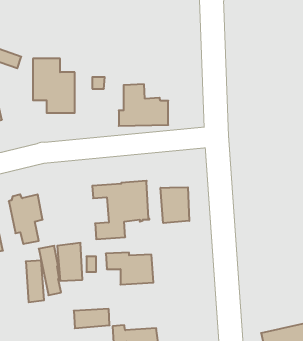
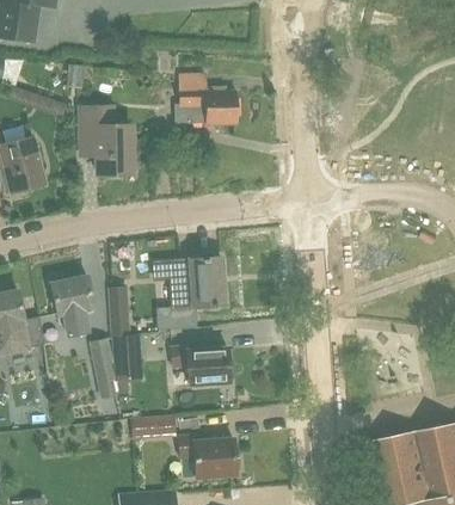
building: [119,84,168,126] -> [174,72,235,123]
building: [161,187,189,223] -> none
building: [26,261,44,302] -> [106,287,129,338]

